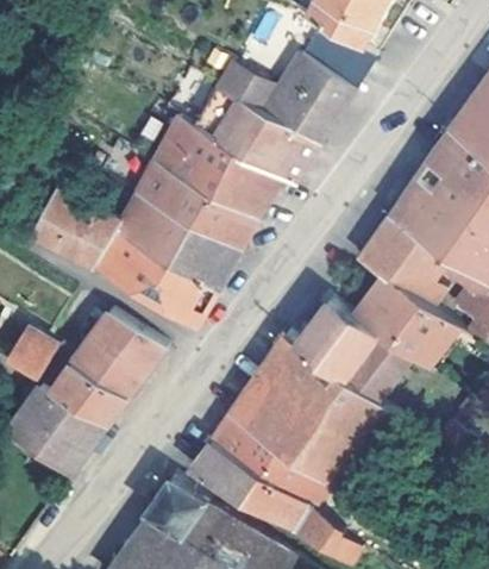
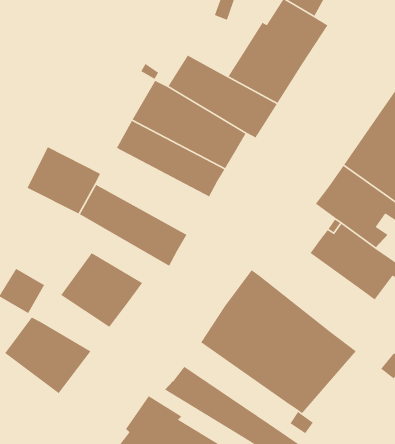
building: [214,58,276,112] -> none
building: [111,193,239,290] -> none
building: [296,295,412,400] -> none
building: [49,359,126,423] -> none
building: [211,413,325,505] -> none

